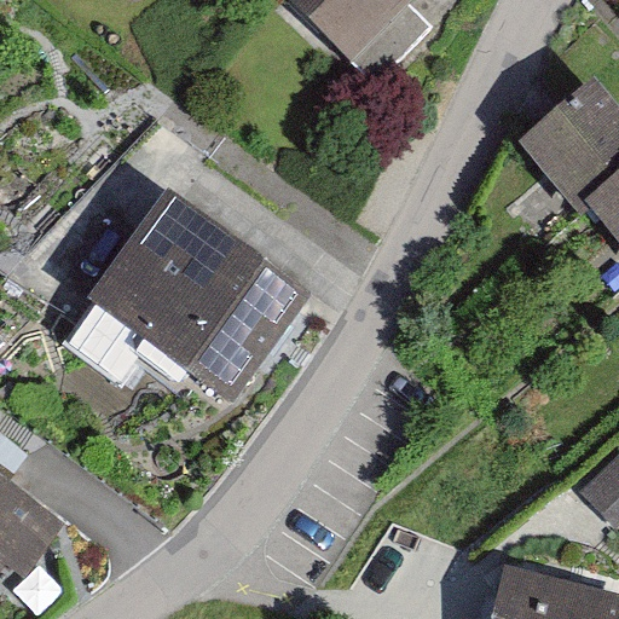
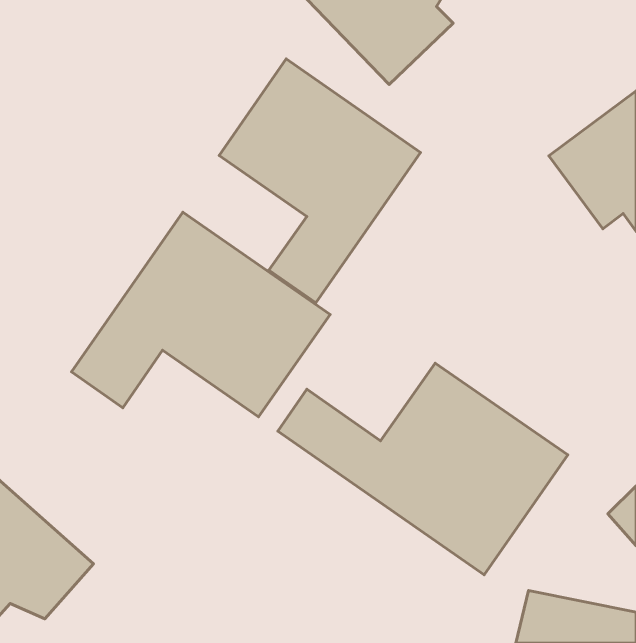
building: none -> [219,59,421,303]
building: none -> [278,363,568,575]

